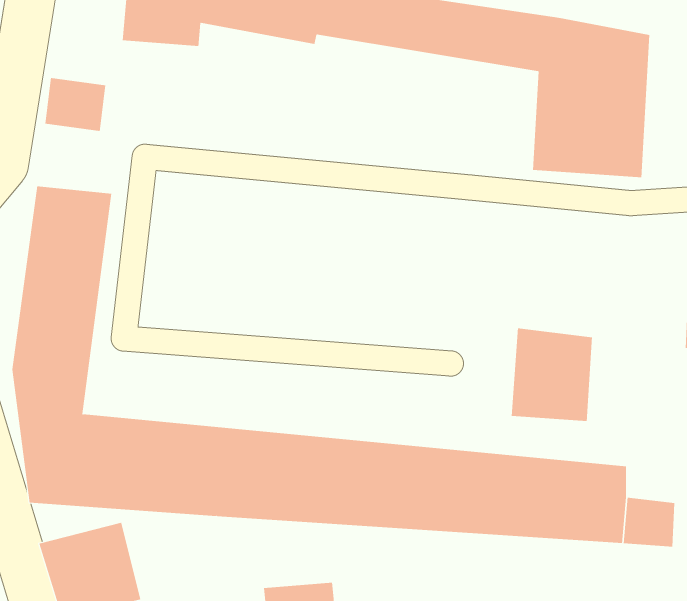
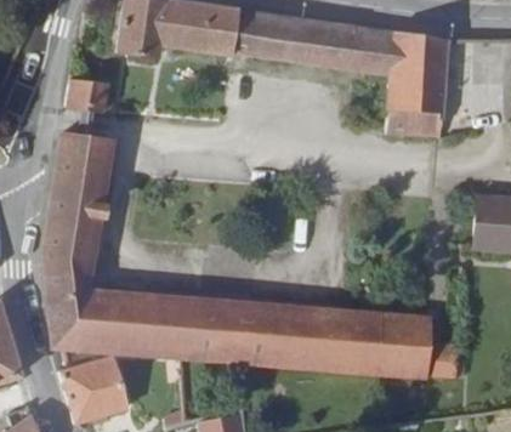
building: [511,328,592,422] -> none

